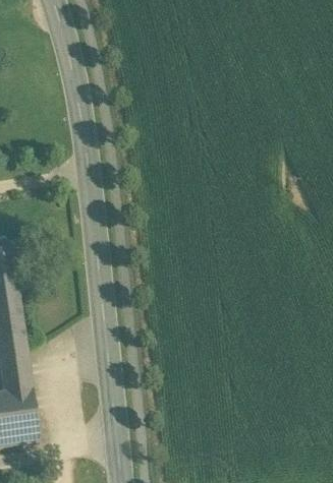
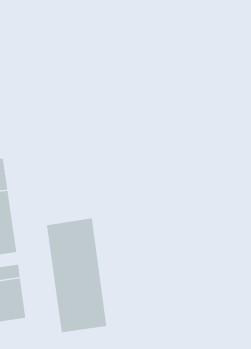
building: none -> [46,218,107,333]

